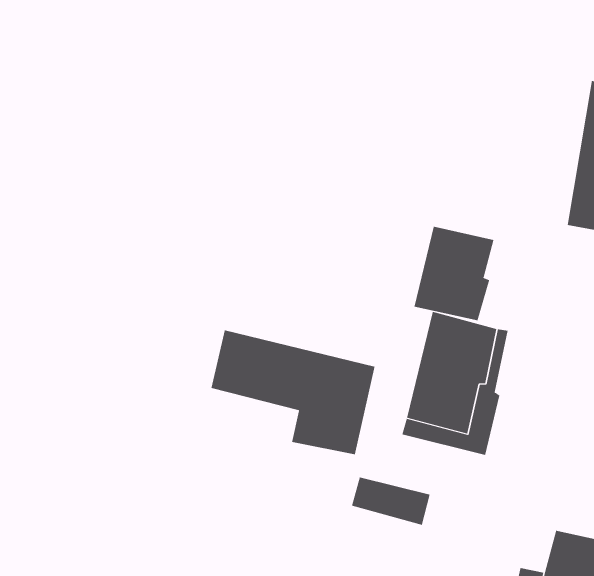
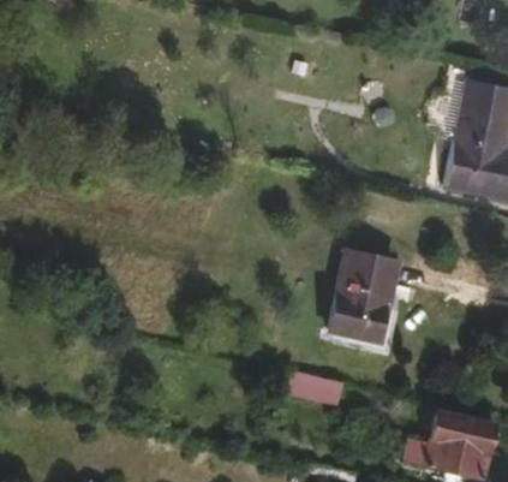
building: [414,226,494,321] -> none
building: [211,330,375,455] -> none

